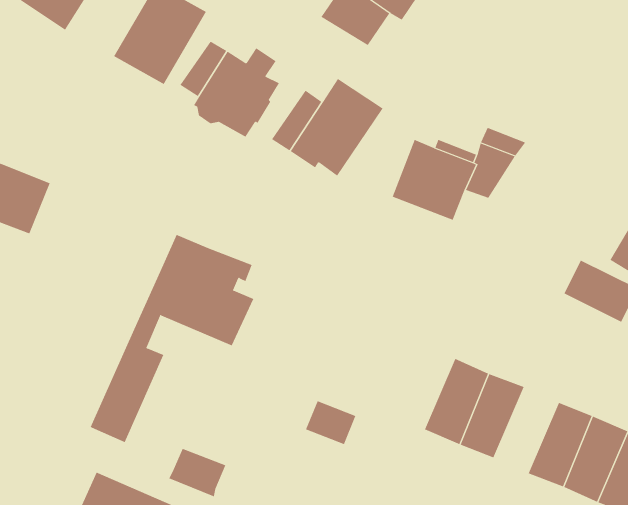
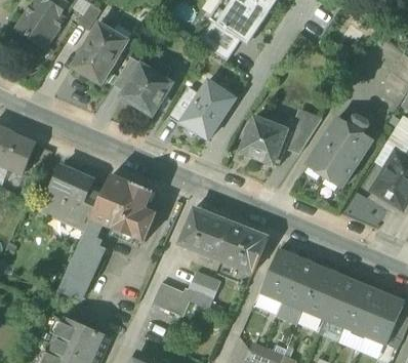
building: none -> [307,114,373,190]
building: none -> [42,165,103,231]
building: none -> [178,207,269,273]
building: none -> [302,266,341,318]
building: [169,448,226,497] -> [154,281,189,311]

